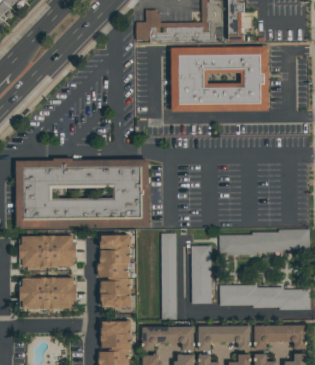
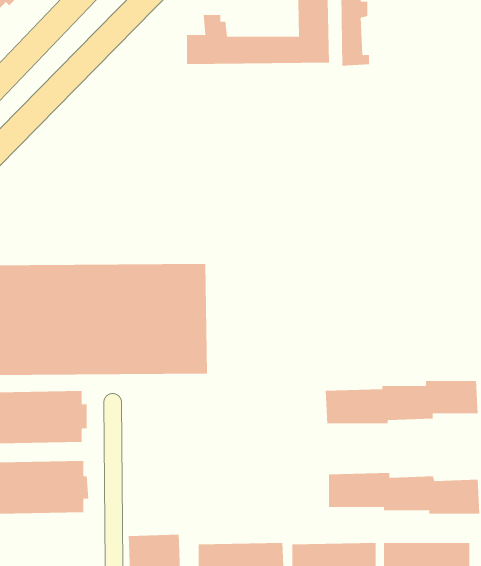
building: [175,45,274,111] -> none
building: [160,233,177,320] -> none
building: [97,235,130,307] -> none
building: [191,245,211,303] -> none

